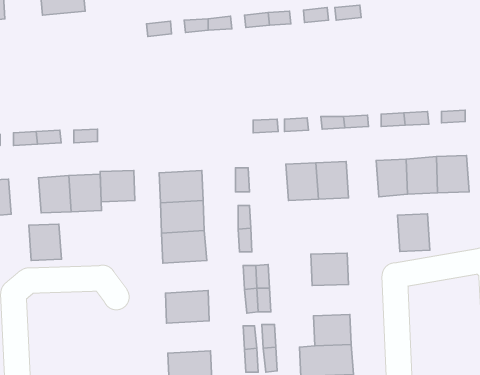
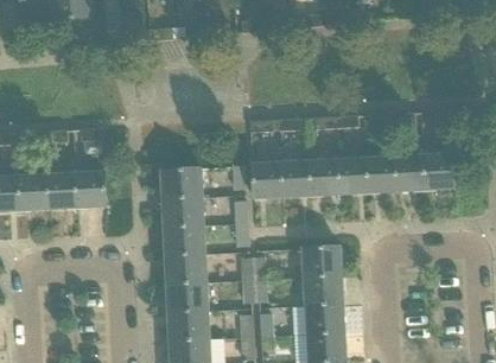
building: none -> [252,161,282,197]
building: [100,170,135,202] -> none
building: [397,214,430,251] -> [337,158,368,193]
building: [29,224,61,260] -> [18,174,49,209]
building: none -> [164,253,206,284]
building: none -> [305,275,341,305]
building: none -> [167,310,209,340]

